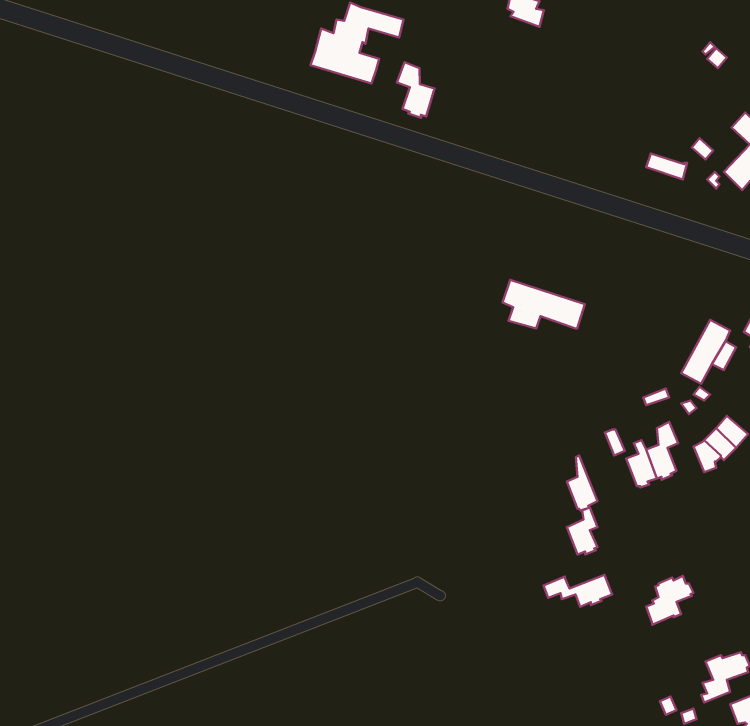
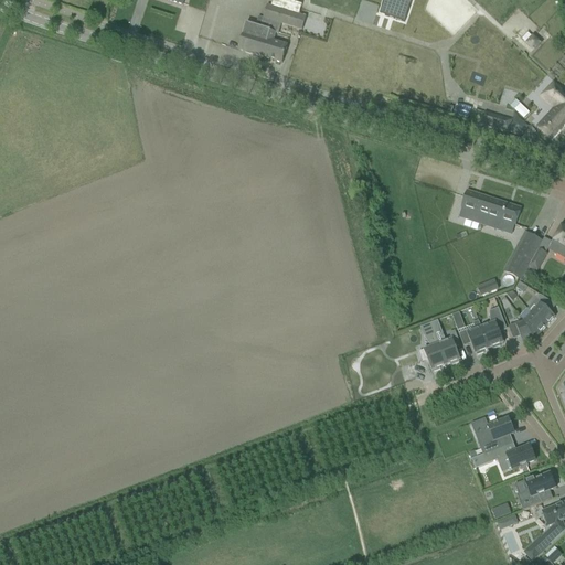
building: [397,62,435,118] -> none
building: [502,280,585,329] -> [460,189,520,224]
building: [567,507,597,555] -> [437,329,459,363]
building: [544,575,612,607] -> [484,445,534,468]

